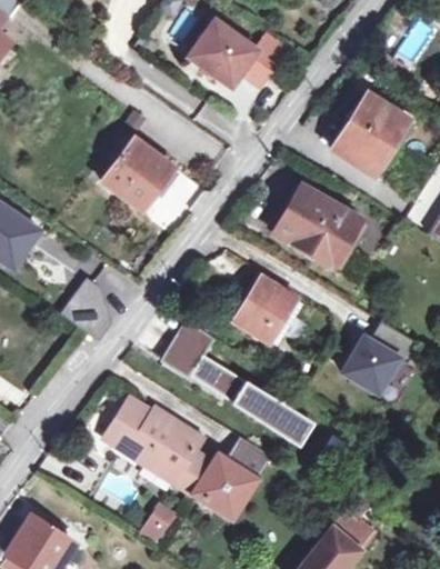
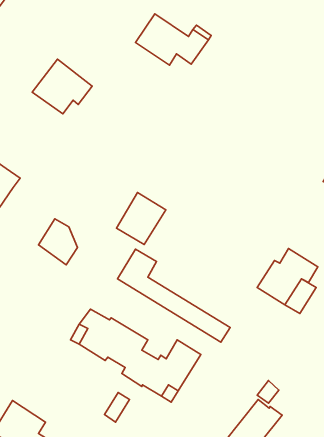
building: [331,91,411,176] -> none
building: [101,139,178,209] -> [32,59,92,114]
building: [276,187,360,266] -> none
building: [233,274,297,341] -> [117,192,166,245]

